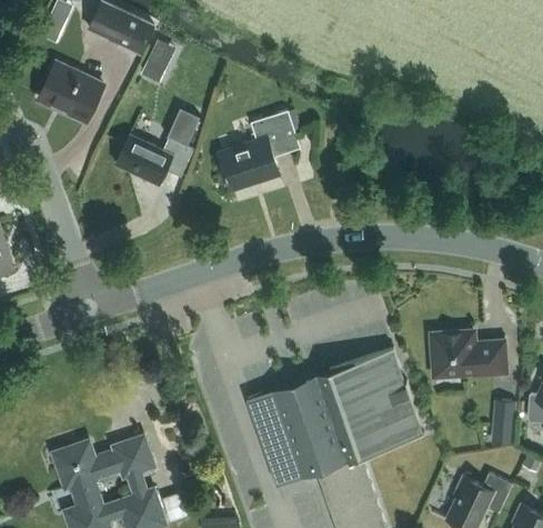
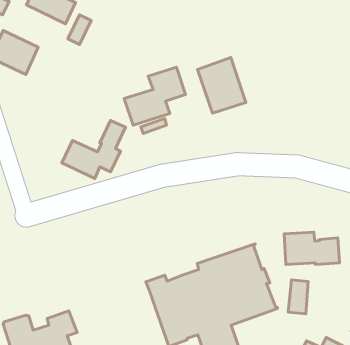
building: none -> [198,58,246,113]
building: [114,108,200,186] -> [62,120,126,179]
building: [489,400,515,446] -> [288,280,308,314]

